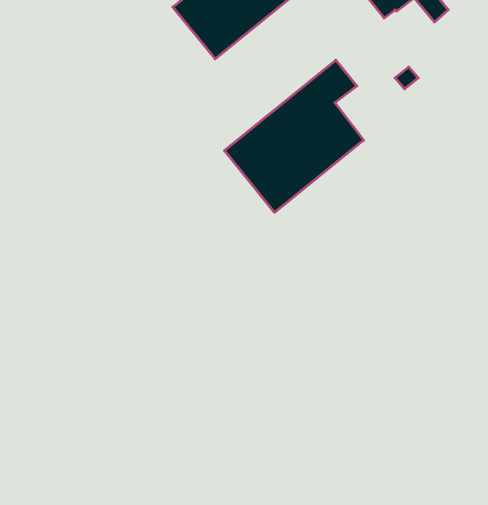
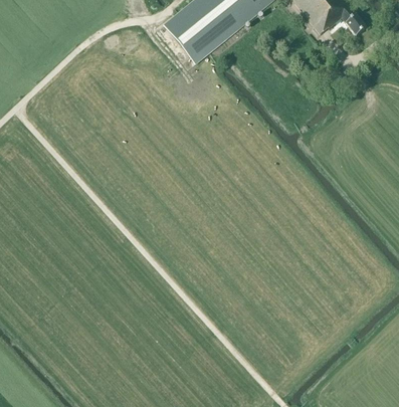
building: [224,60,364,212] -> none

